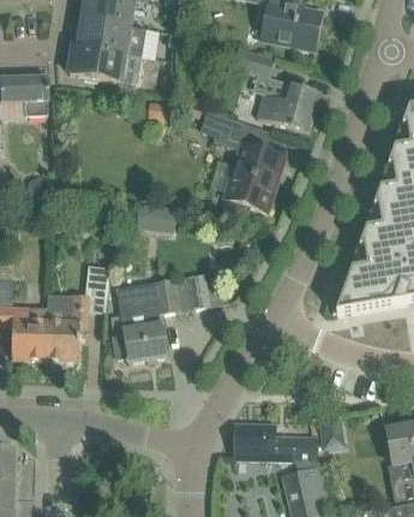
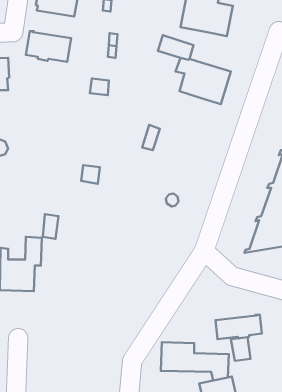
building: [77,18,146,55] -> none
building: [200,111,283,214] -> none
building: [110,277,194,362] -> none
building: none -> [215,315,262,339]

